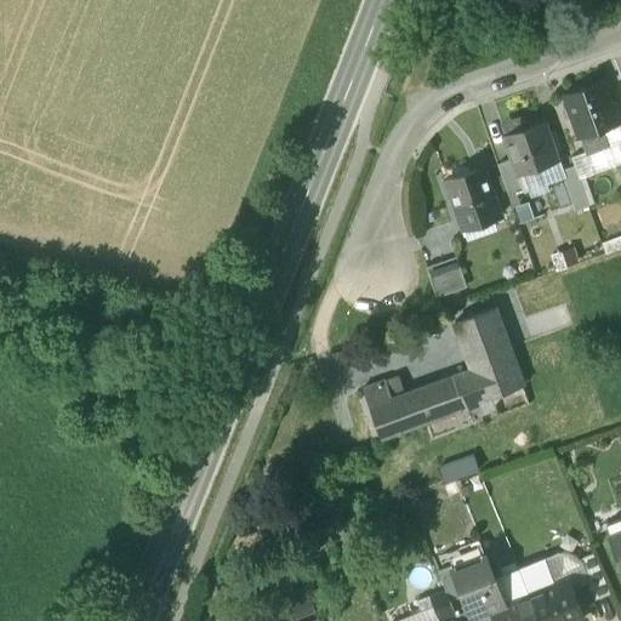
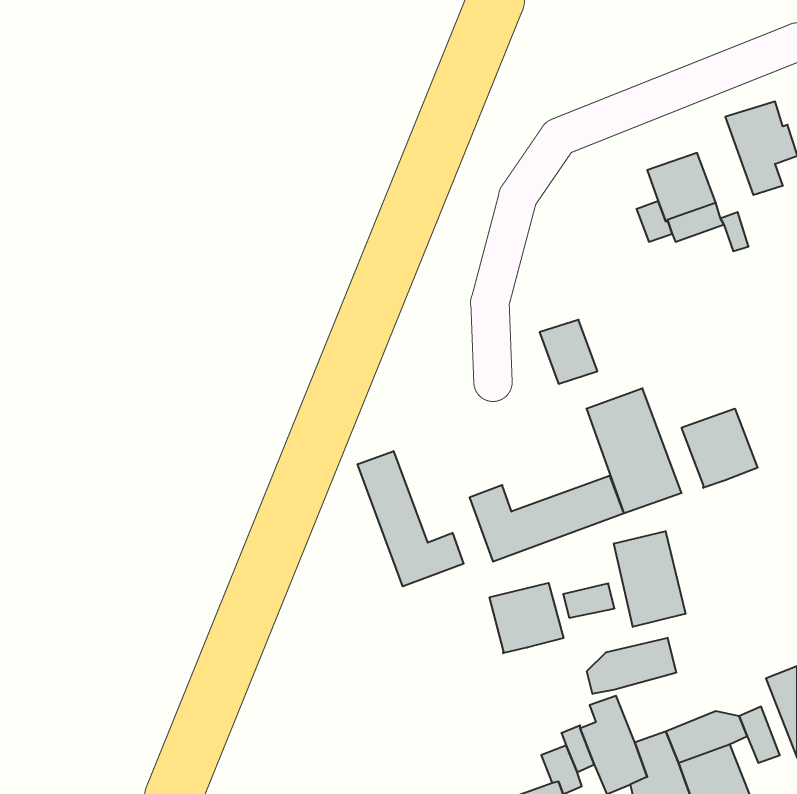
building: [445,173,500,239] -> none
building: none -> [682,409,758,488]
building: none -> [358,451,464,586]
building: none -> [614,531,685,627]
building: none -> [490,583,564,653]
building: none -> [587,638,676,694]

